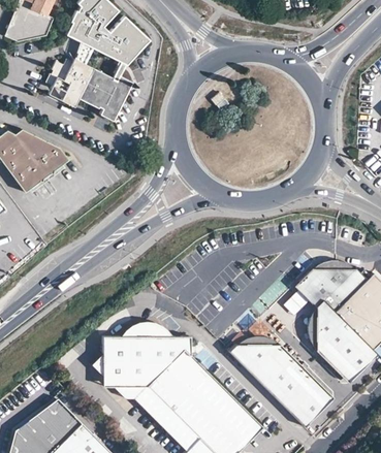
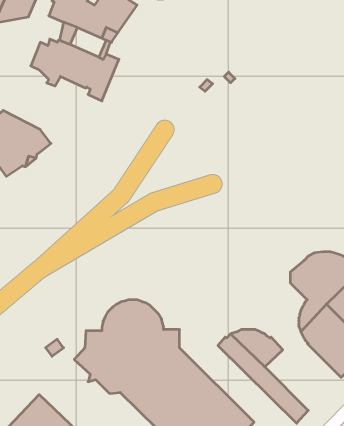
building: [275,359,335,418] -> none

